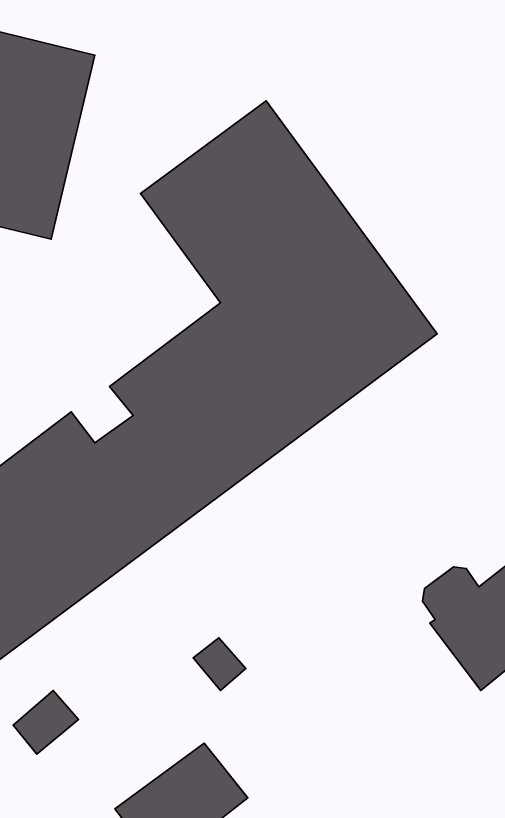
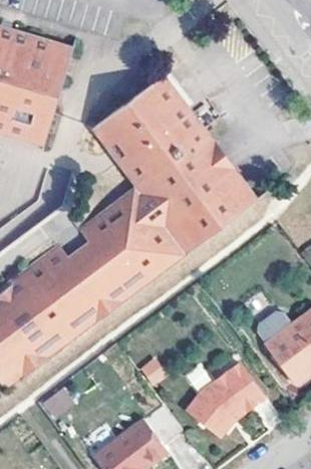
building: none -> [177,365,258,440]

